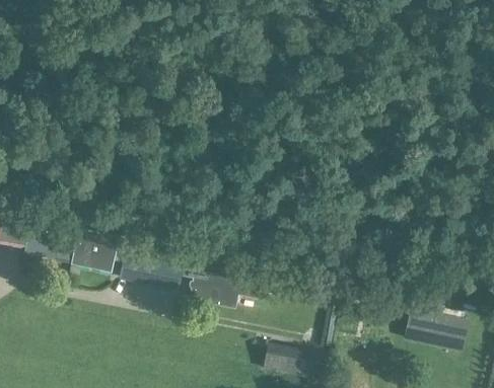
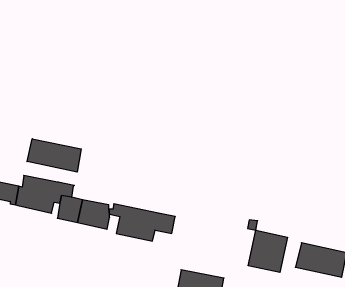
building: none -> [27,139,81,172]
building: none -> [248,230,287,272]

